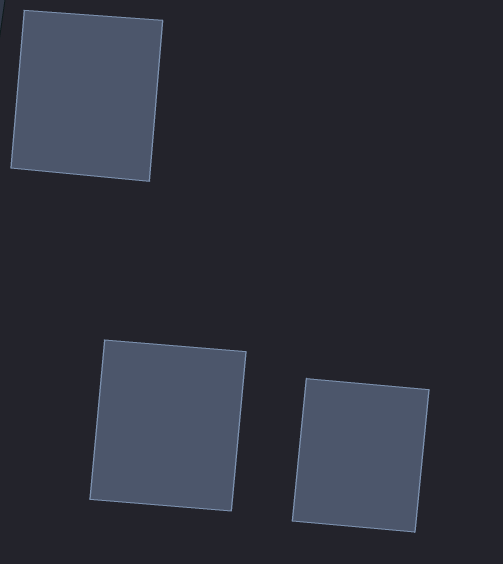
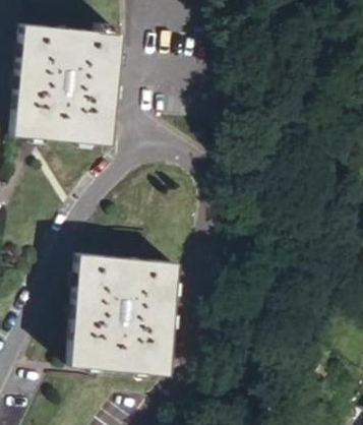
building: [292,378,429,532] -> none

